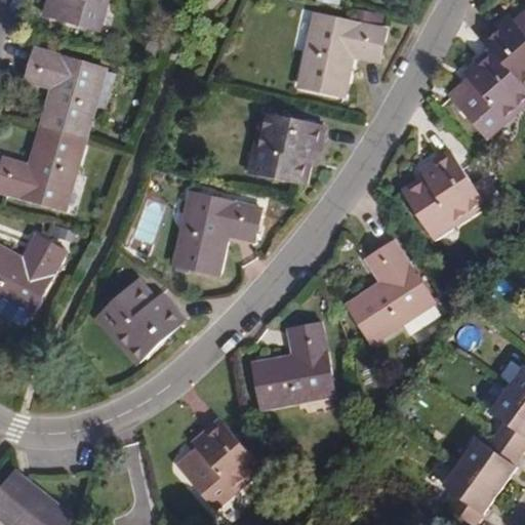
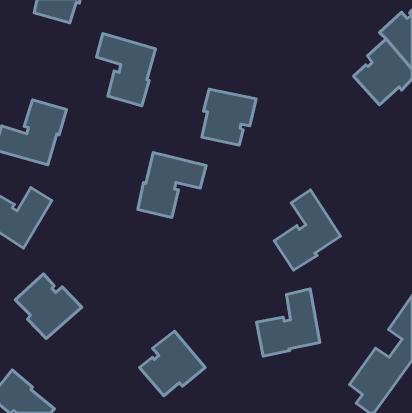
building: [297,13,385,95] -> none
building: [27,47,102,138] -> [96,34,156,106]
building: [402,151,484,231] -> none
building: [99,278,184,360] -> [15,274,82,339]
building: [252,322,332,407] -> [257,289,320,356]

